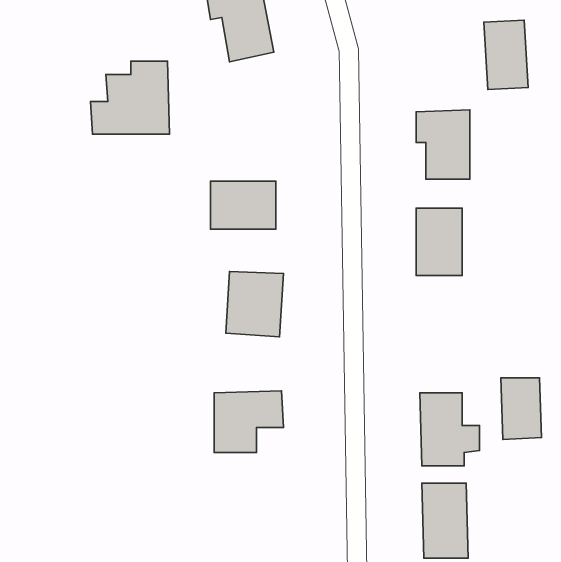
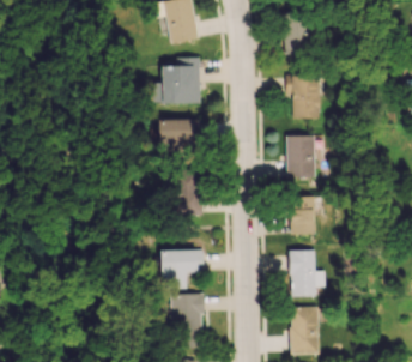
building: [484,20,528,89] -> [284,12,311,55]
building: [91,61,169,134] -> [152,58,201,103]
building: [501,378,541,439] -> [291,197,316,235]
building: none -> [175,294,204,348]

